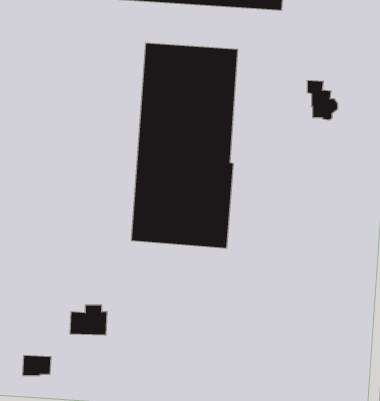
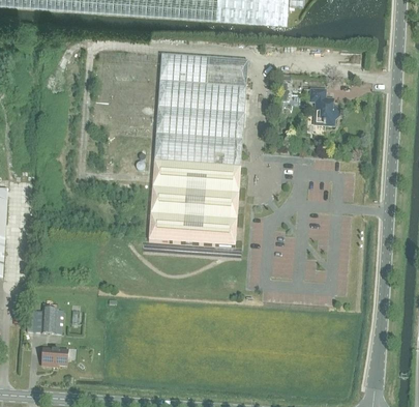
building: [70,305,107,335] -> [29,307,64,335]

